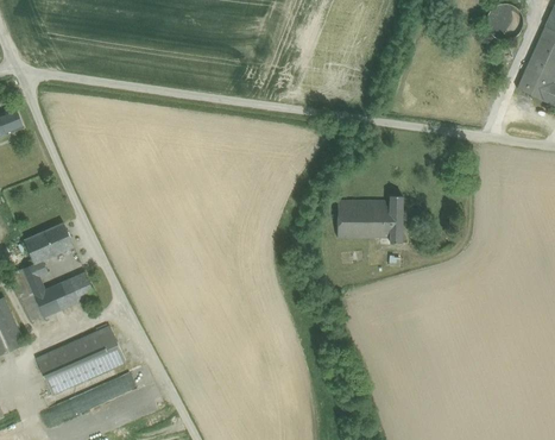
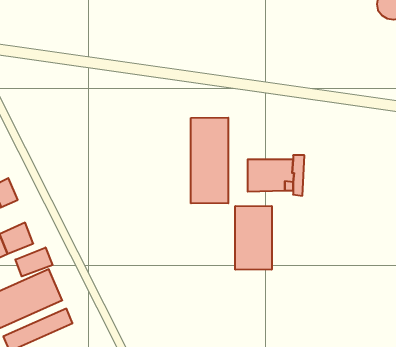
building: none -> [191,118,228,203]
building: none -> [235,206,272,270]
building: none -> [15,247,53,276]

